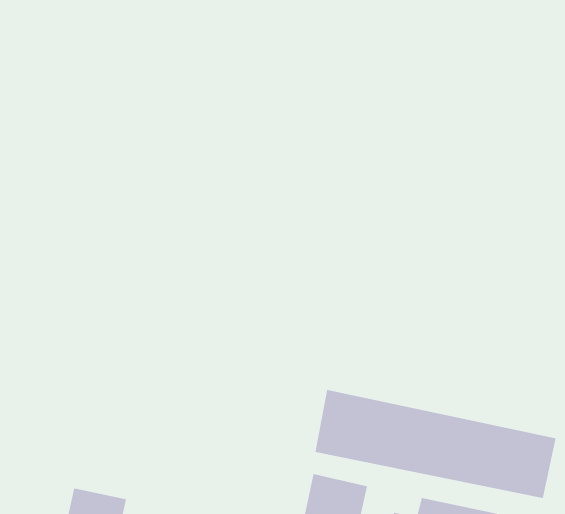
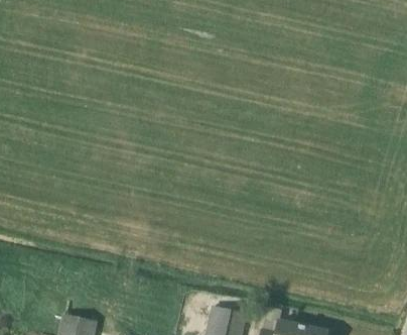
building: [315,389,556,499] -> none

